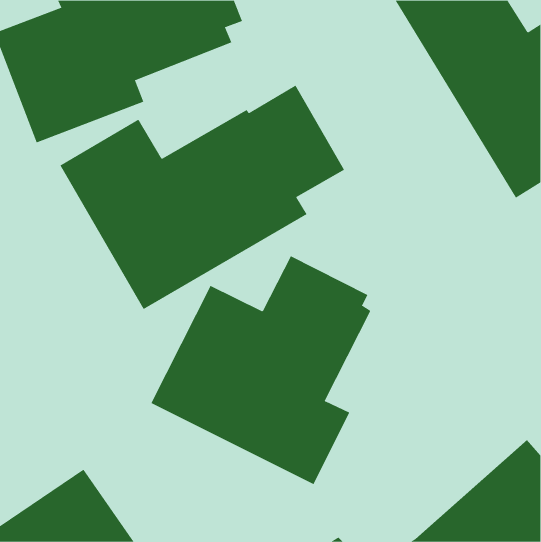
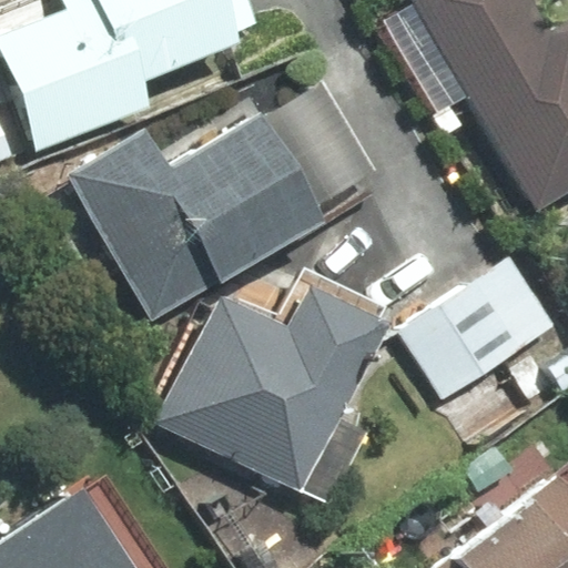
building: none -> [397,262,551,400]

